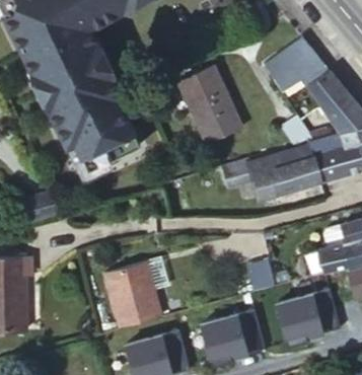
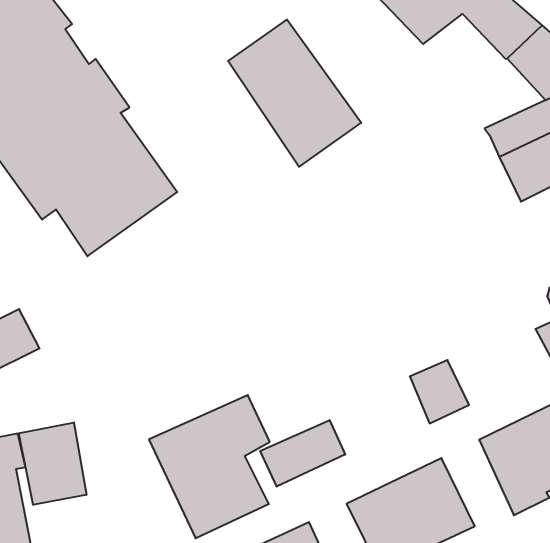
building: [222,145,318,199] -> none
building: none -> [19,422,86,505]
building: none -> [260,420,345,487]

